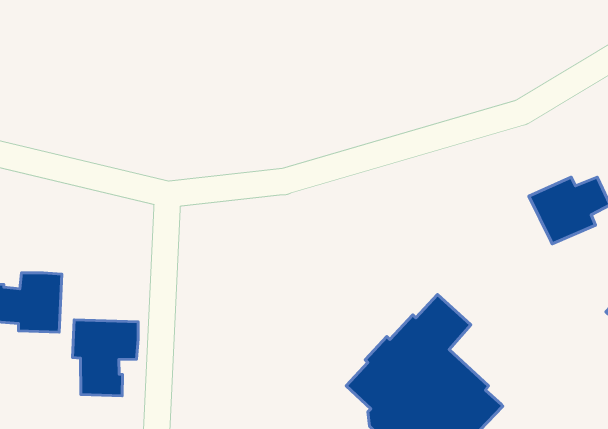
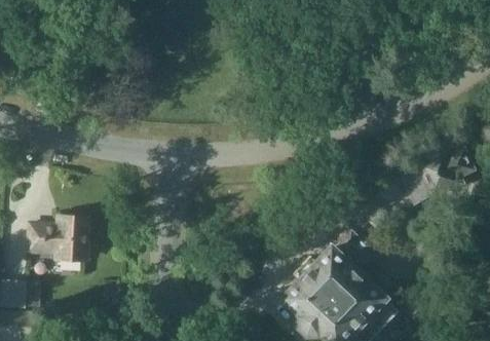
building: [73,320,138,396] -> none

